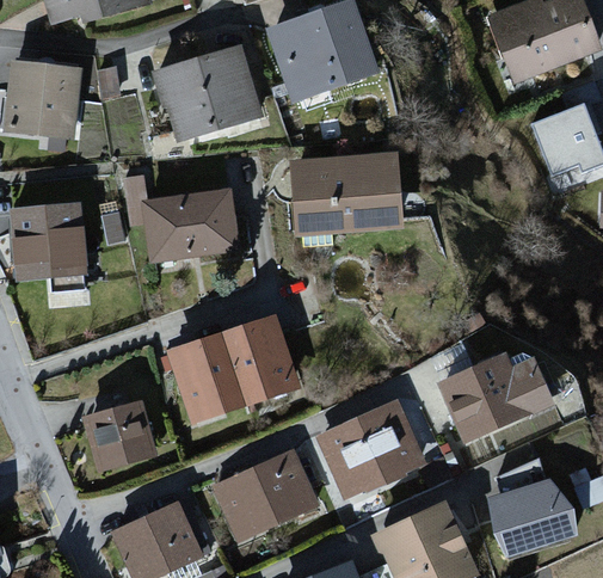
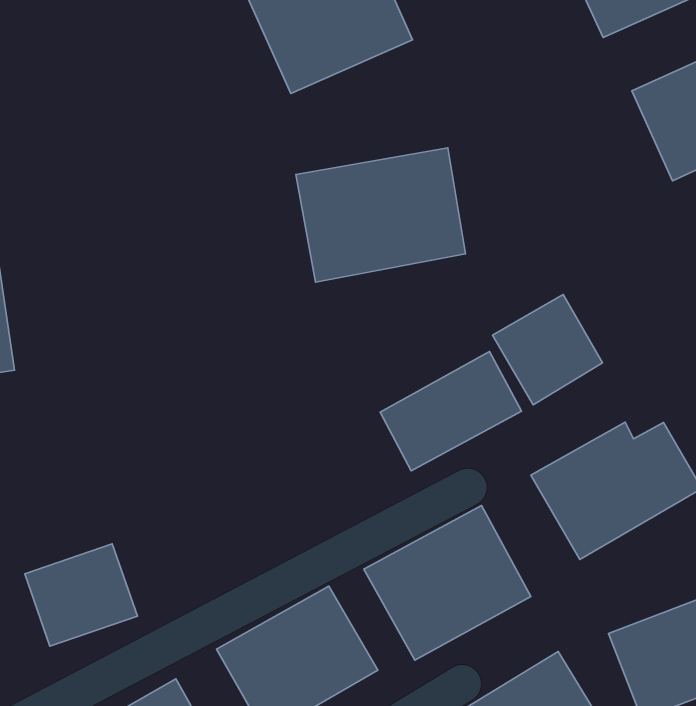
building: [152,41,263,141] -> none
building: [137,186,236,260] -> none
building: none -> [493,294,603,405]
building: none -> [380,352,522,471]
building: [167,313,302,428] -> none

